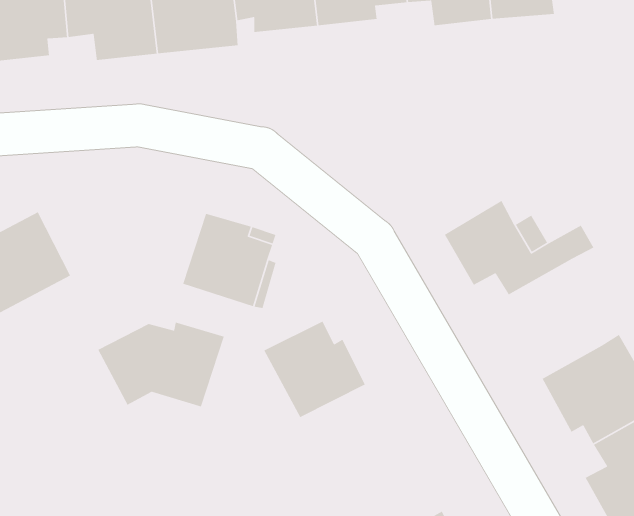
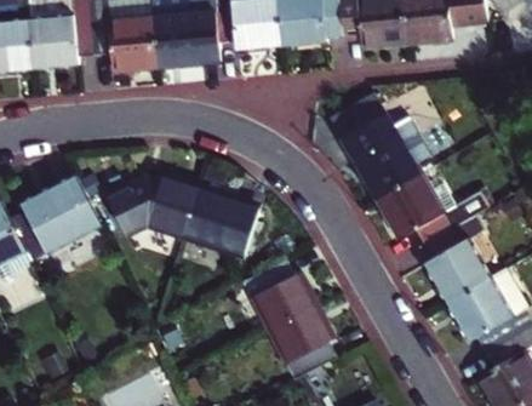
building: none -> [327,88,424,196]
building: none -> [422,215,490,302]
building: [97,321,225,407] -> [107,170,200,233]
building: none -> [269,307,337,378]

